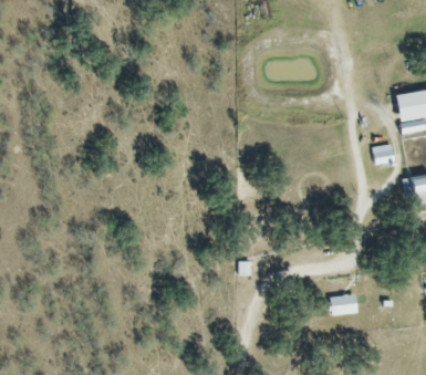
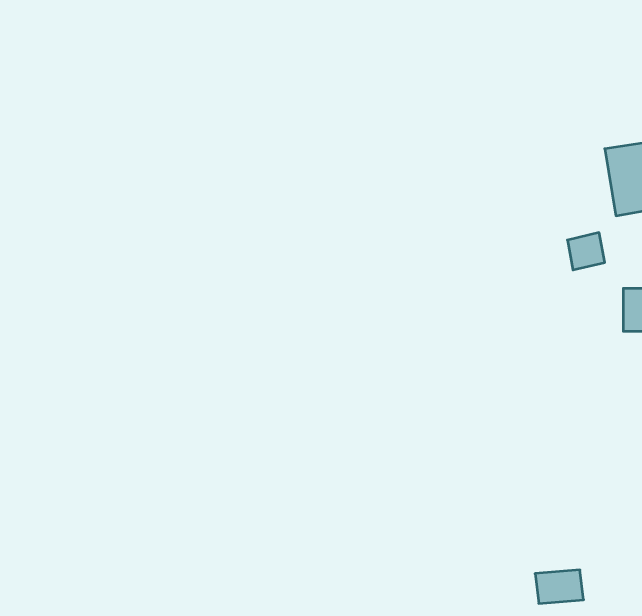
building: [329,294,357,314] -> [535,570,584,603]

